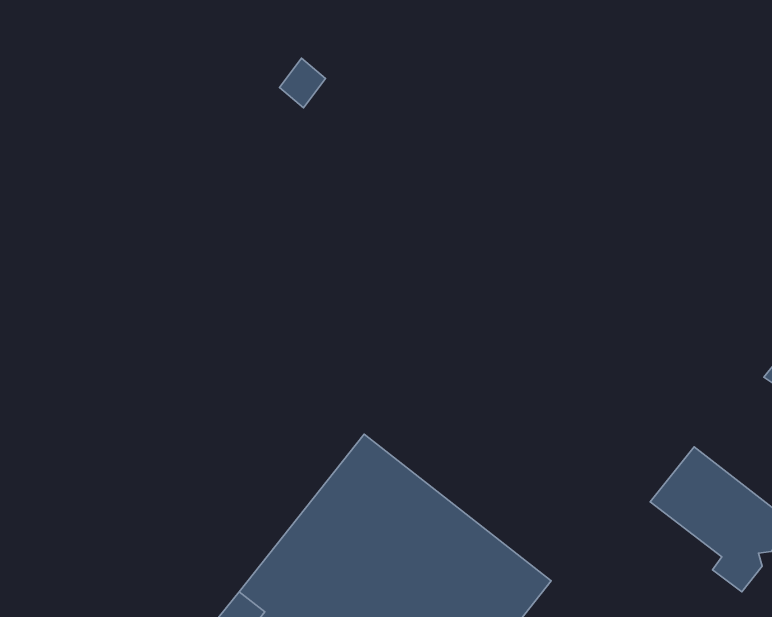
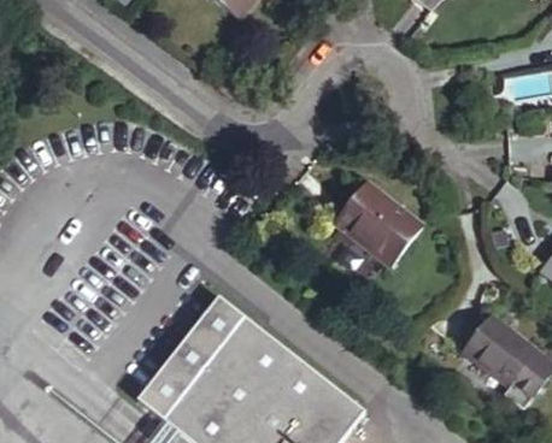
building: none -> [331,188,417,272]
building: none -> [159,290,268,414]

